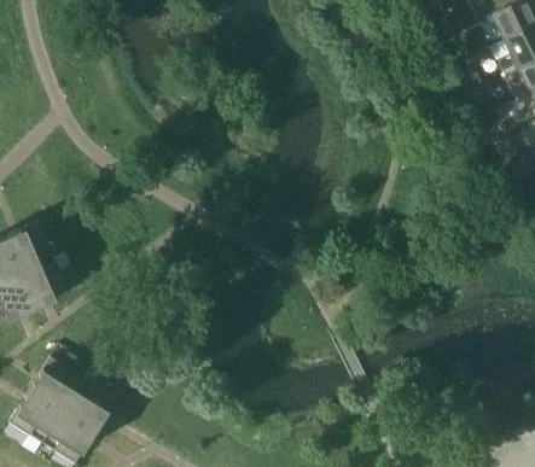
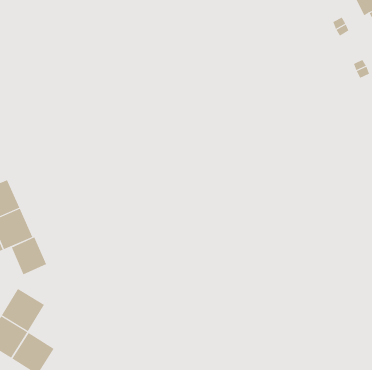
building: none -> [11,236,47,275]
building: [64,379,117,433] -> none

